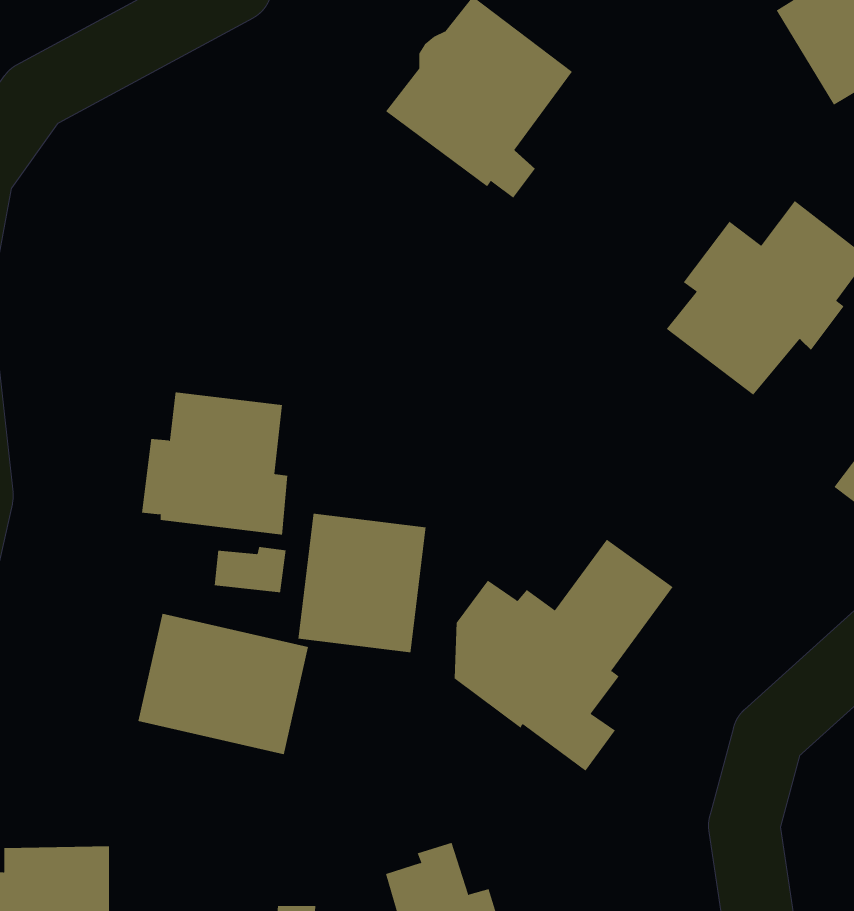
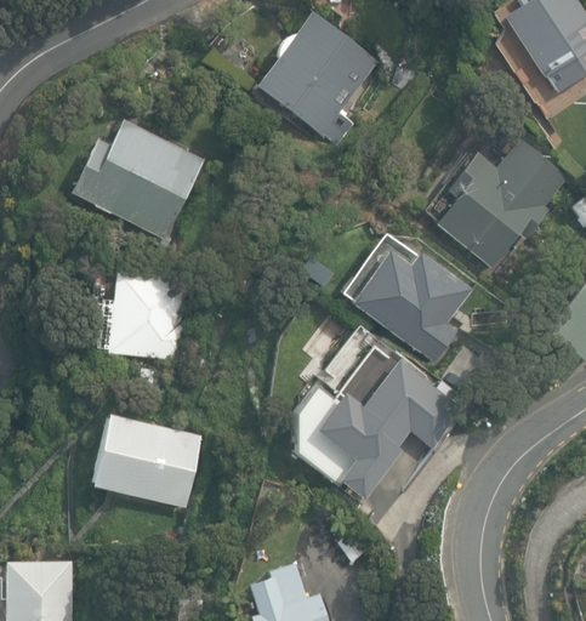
building: none -> [72,118,204,247]
building: none -> [348,235,472,363]
building: [298,513,426,653] -> none

